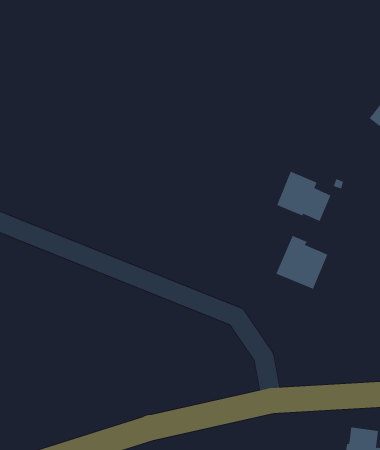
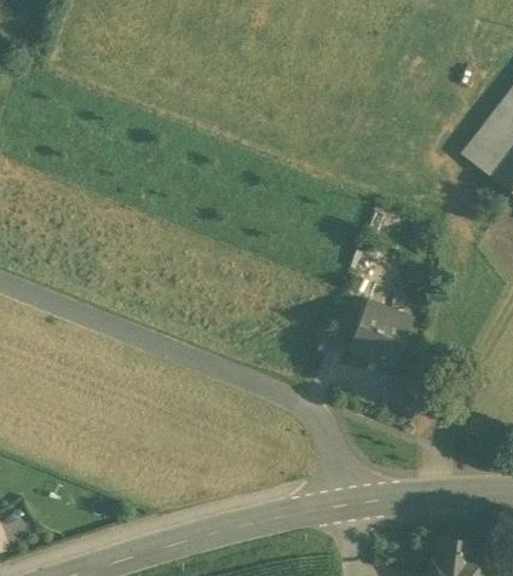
building: [277,171,331,222] -> none

